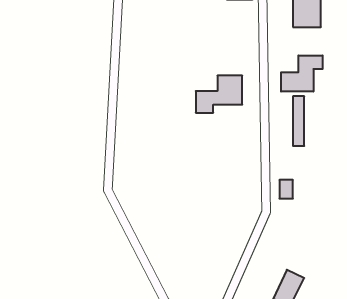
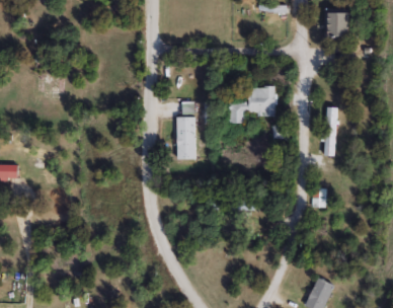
building: [281,55,323,92] -> none
building: none -> [178,118,195,160]

